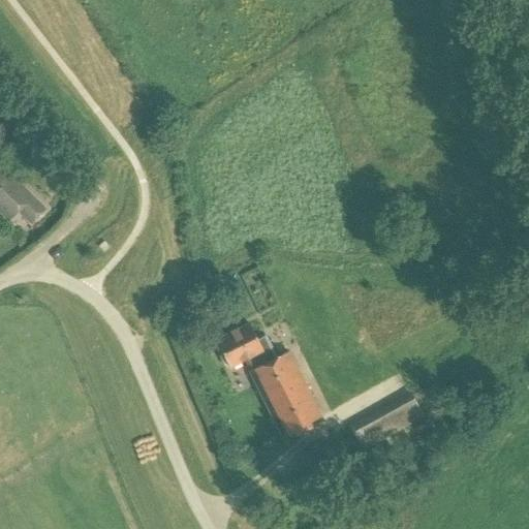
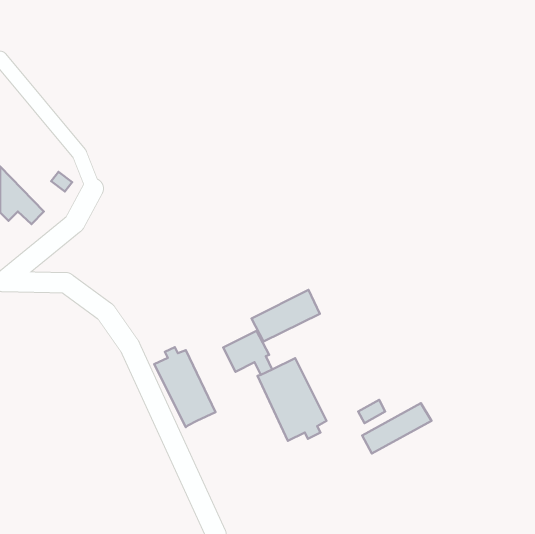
building: none -> [252,290,320,341]
building: none -> [154,347,216,427]

